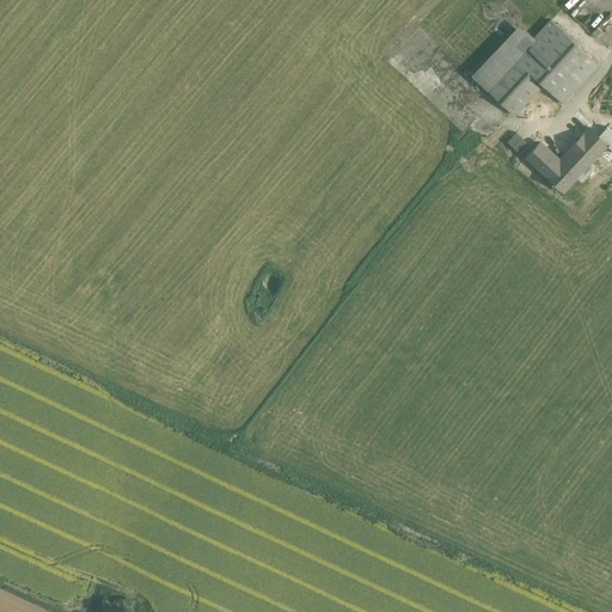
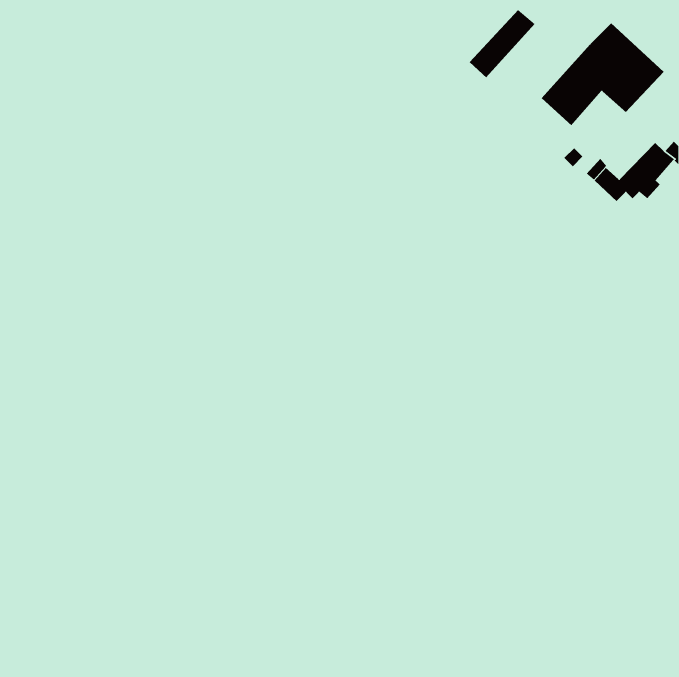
building: [471,27,531,90] -> [469,9,535,78]

